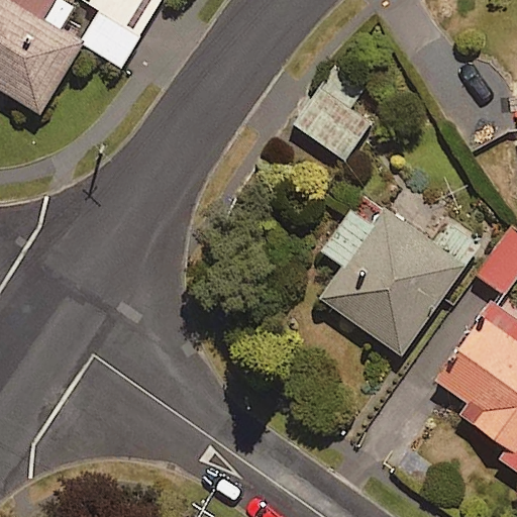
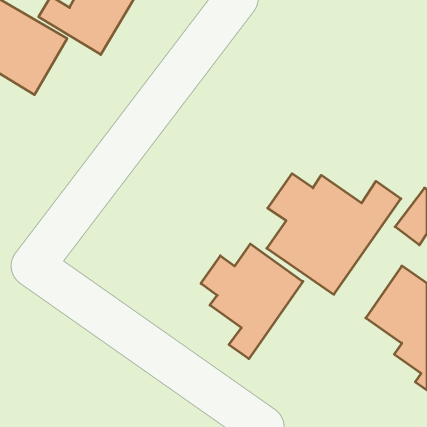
building: [292,64,371,160] -> none
building: none -> [201,244,303,359]

